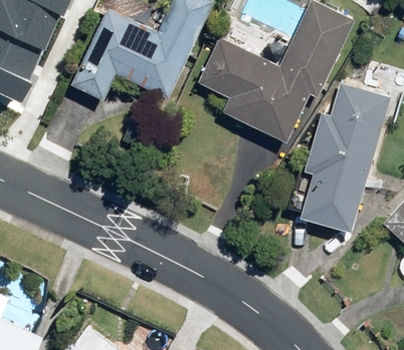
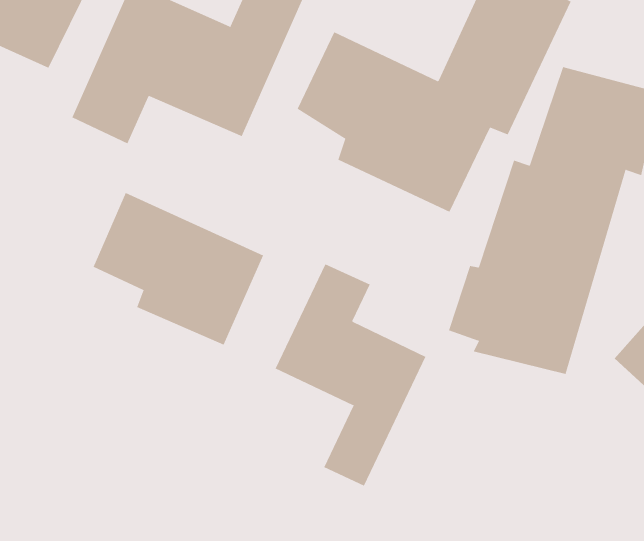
building: none -> [93,192,264,346]
building: none -> [275,264,426,487]

